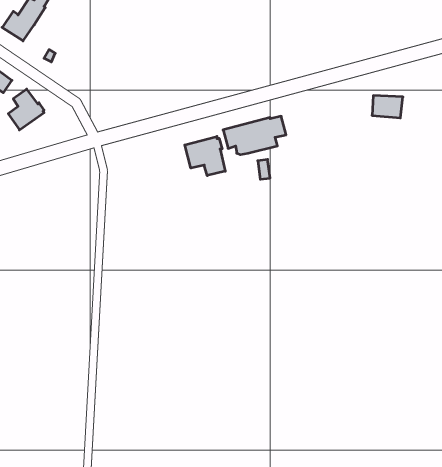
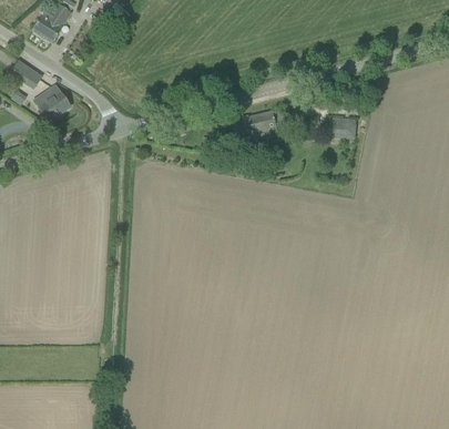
building: [372,96,403,118] -> [328,116,356,136]
building: [185,136,225,176] -> none

